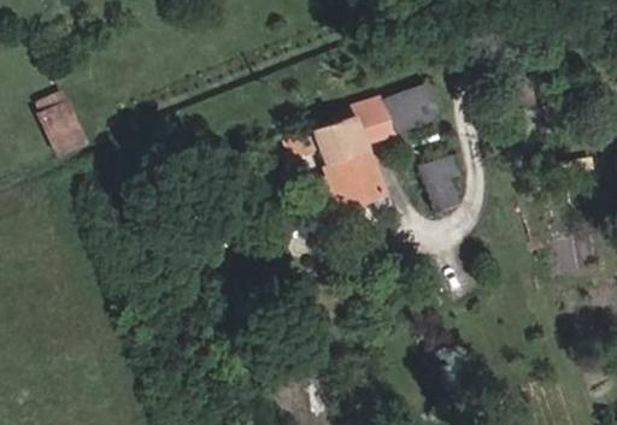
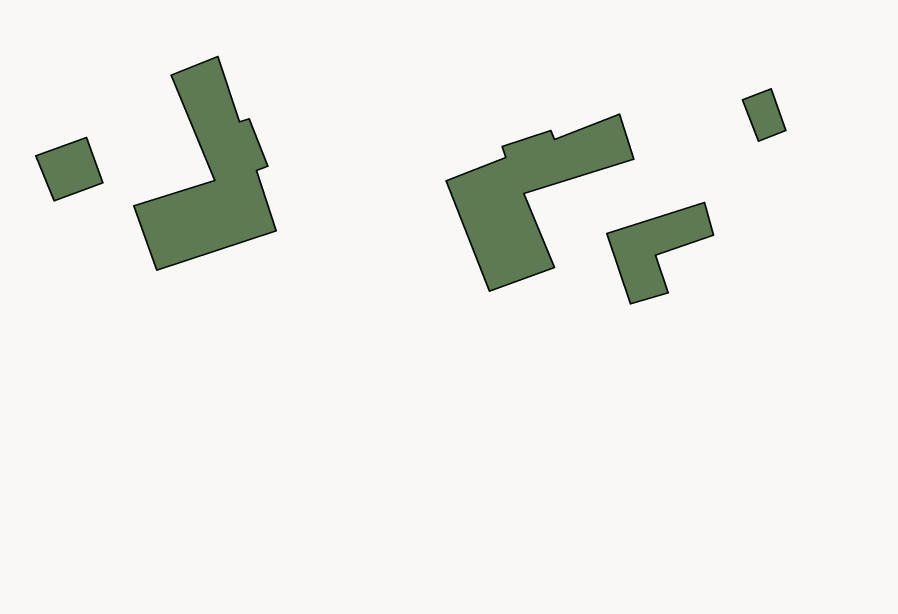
building: none -> [134,56,276,270]

